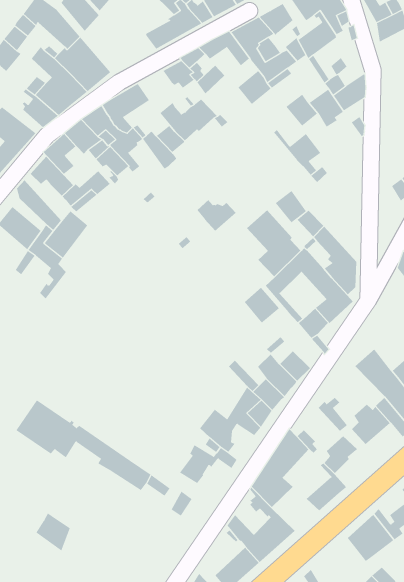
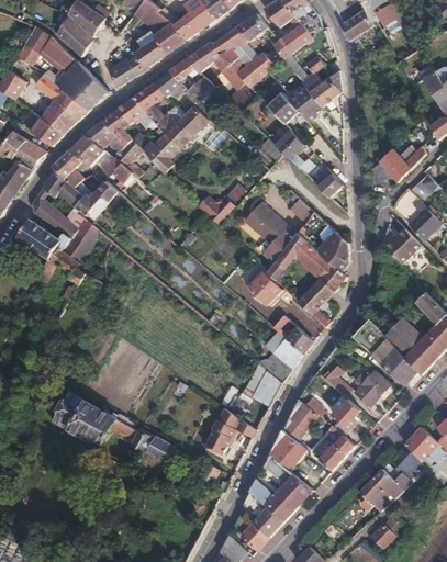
building: none -> [110,55,148,86]
building: none -> [133,85,166,123]
building: [275,190,307,223] -> [312,168,342,198]
building: [35,512,71,552] -> none

